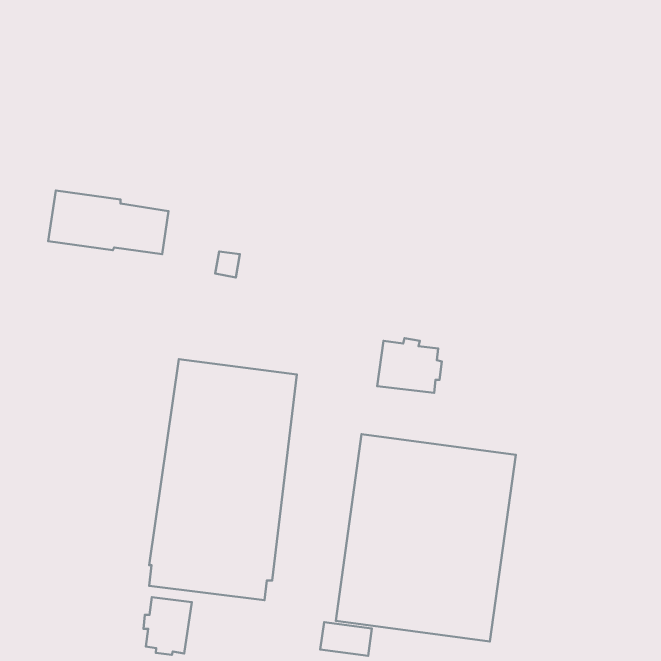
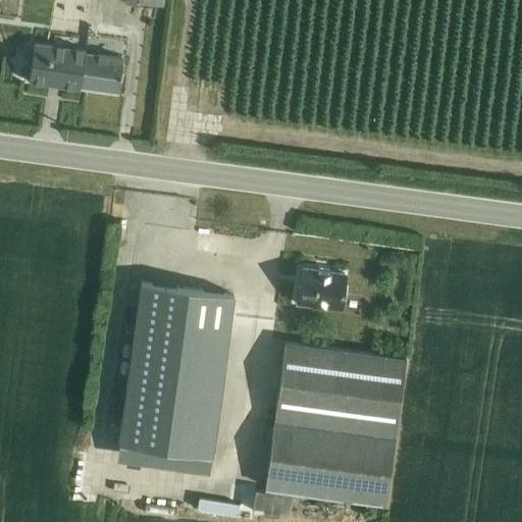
building: [48,191,169,254] -> [29,44,123,94]
building: [144,597,192,655] -> none

